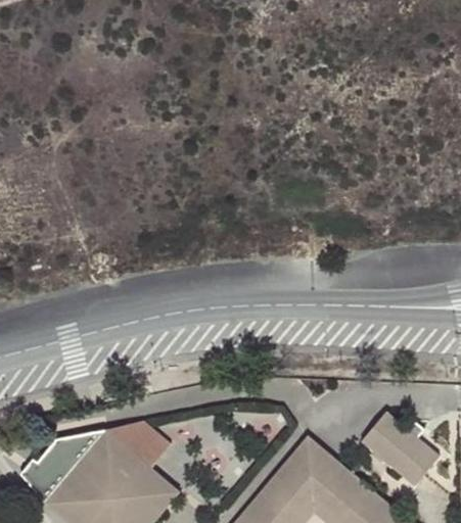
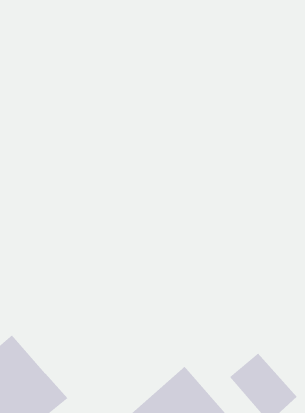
building: [104,421,169,469] -> none

